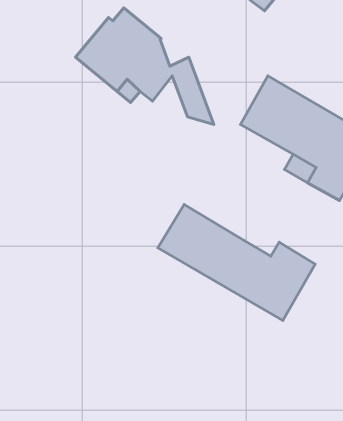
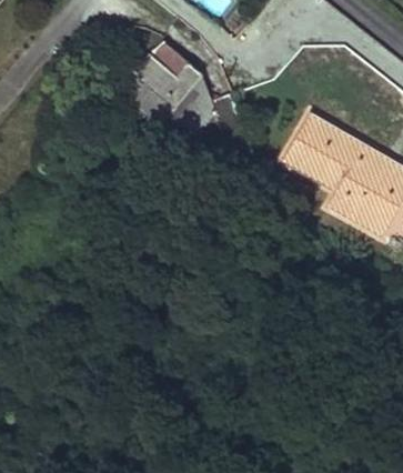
building: [158,204,315,321] -> none

